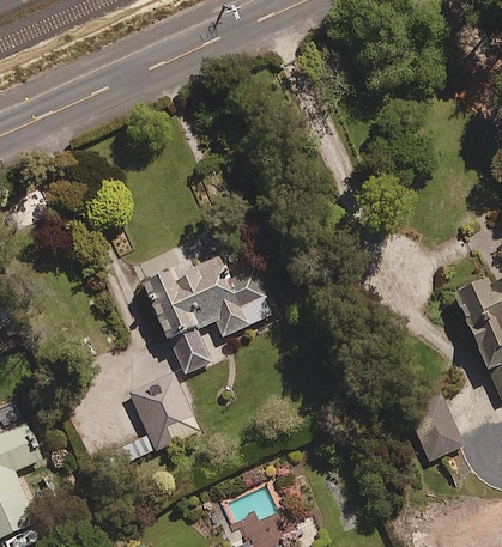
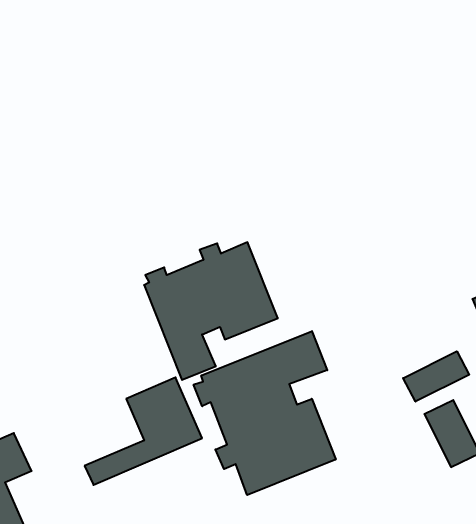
building: none -> [194,331,336,495]
building: none -> [403,351,469,402]

